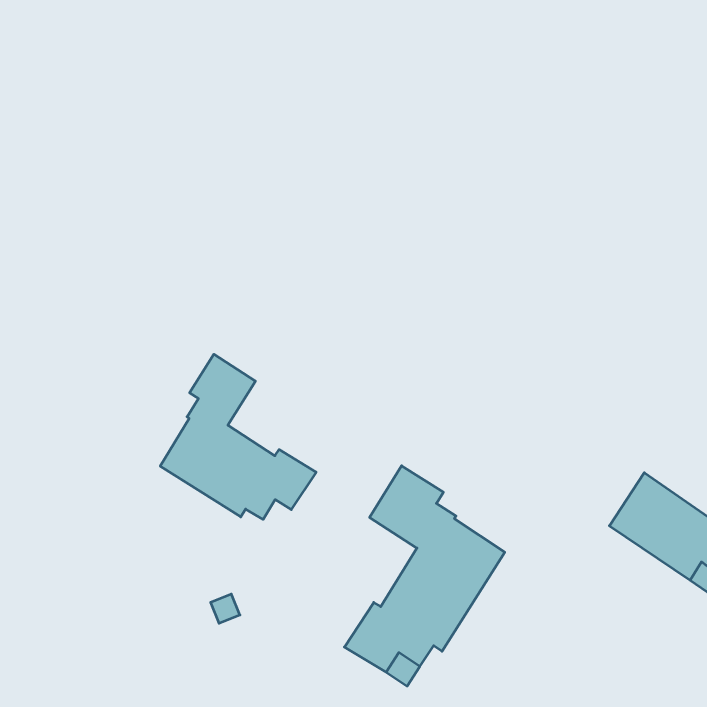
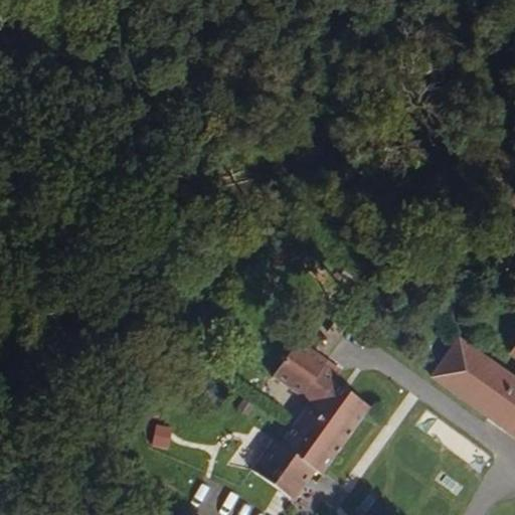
building: [160,354,316,519] -> none

